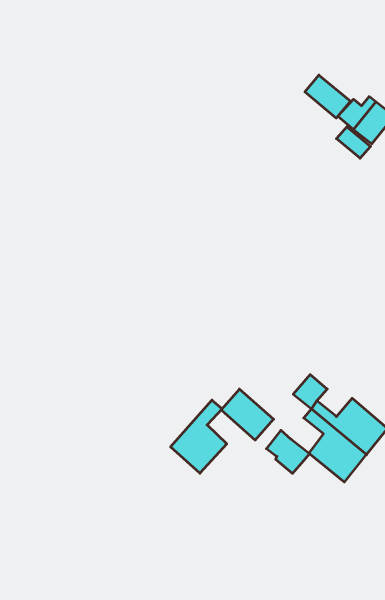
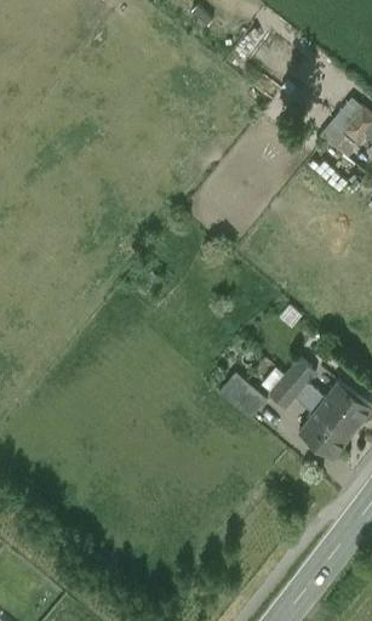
building: [305,75,350,118] -> none
building: [171,400,227,473] -> none
building: [266,430,310,473] -> [262,370,302,410]

